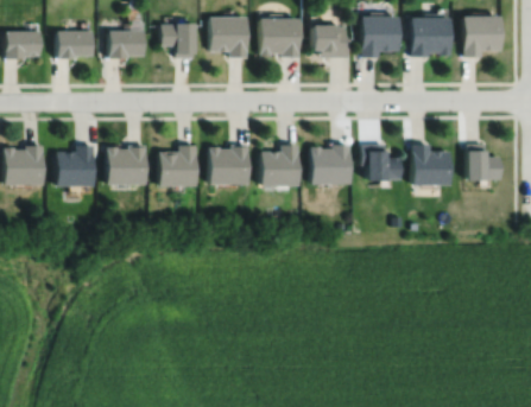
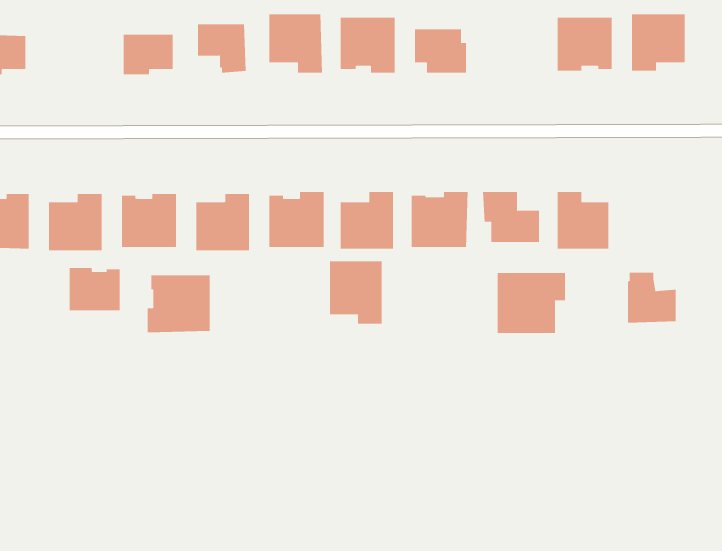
building: [362,18,400,58] -> none
building: [56,32,93,61] -> none
building: [467,142,501,178] -> [627,272,676,323]
building: none -> [330,260,382,325]
building: none -> [69,267,120,311]
building: none -> [497,272,566,334]
building: none -> [147,275,210,333]

